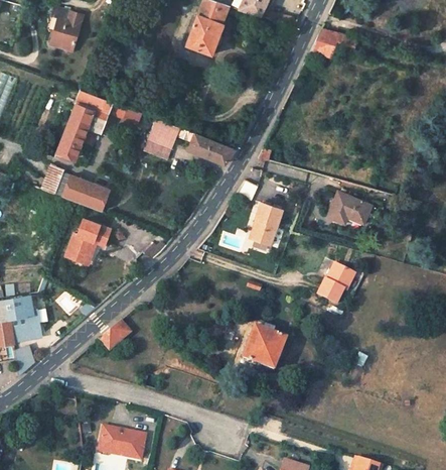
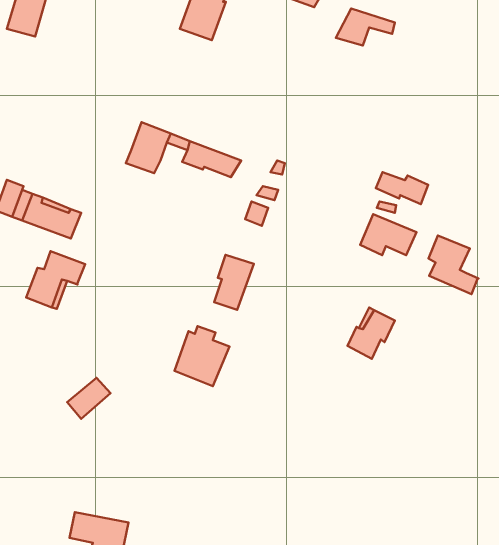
building: [56,89,142,157] -> none
building: none -> [376,172,428,204]
building: [253,203,284,246] -> [214,255,254,310]
building: none -> [428,235,478,294]
building: [243,322,286,369] -> [174,326,230,386]

